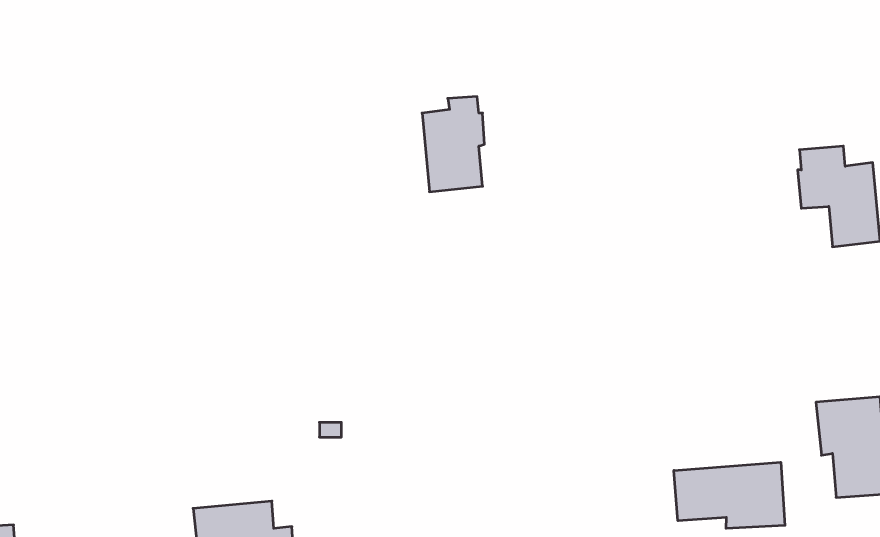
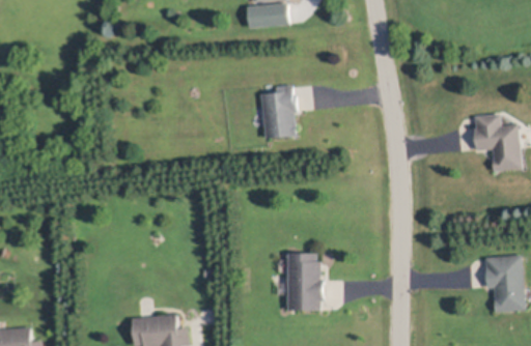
building: none -> [286,253,323,310]
building: [674,462,785,528] -> none

